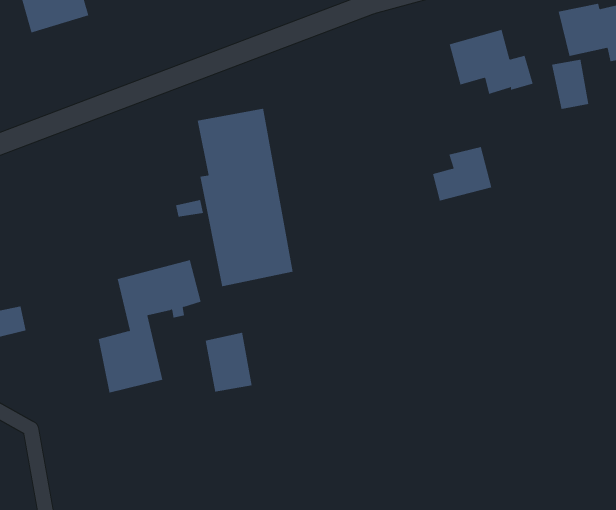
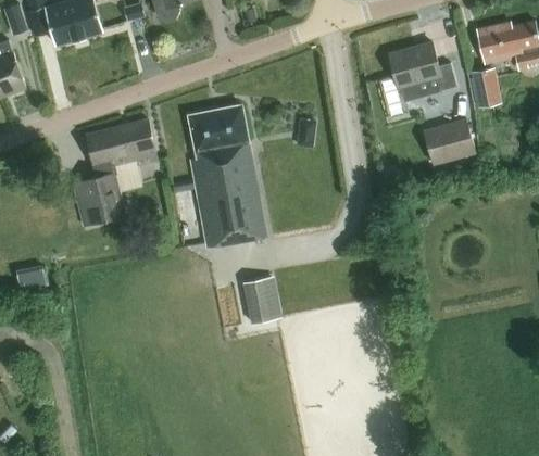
building: [432,146,492,201] -> [427,119,475,163]
building: [98,260,201,393] -> [72,121,154,227]
building: [205,332,253,392] -> [242,276,280,324]

